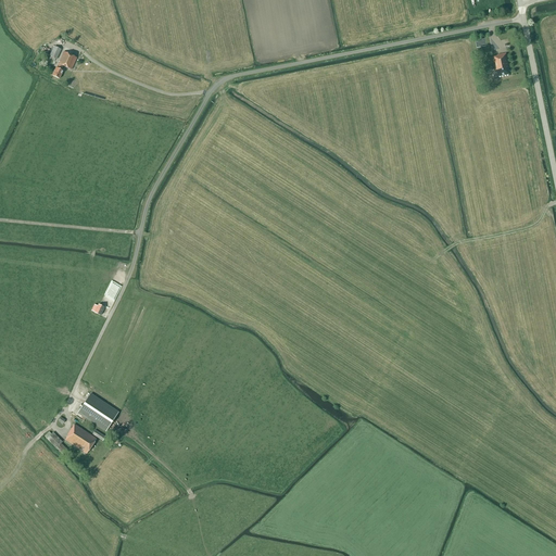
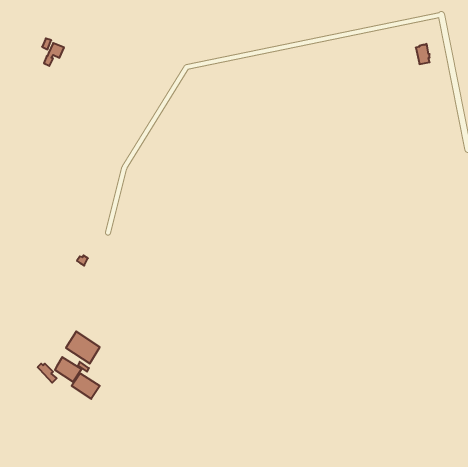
building: none -> [72,373,100,399]

